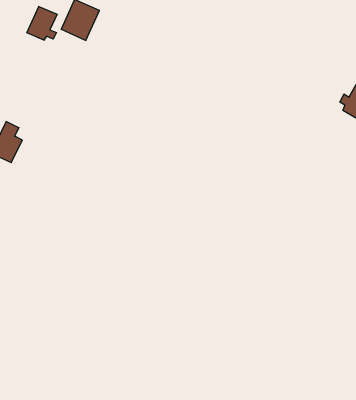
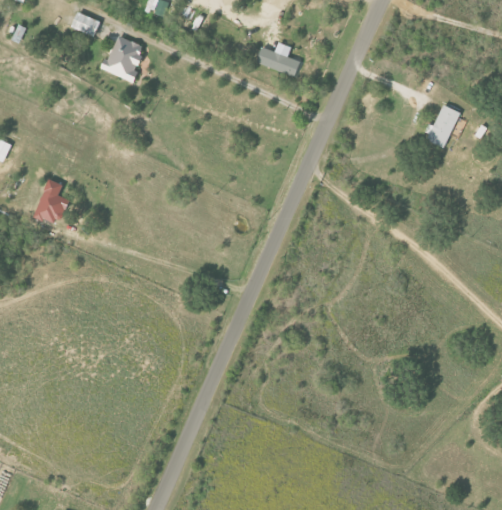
building: [27,6,57,40] -> none
building: none -> [257,48,300,75]

